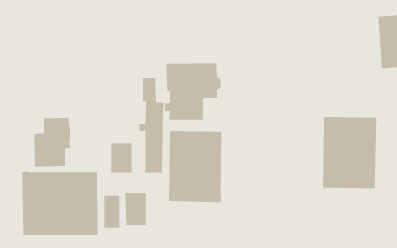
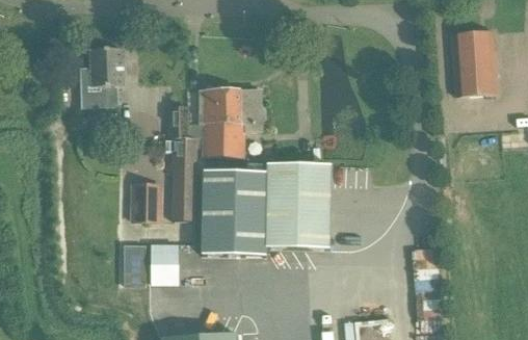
building: [322,117,377,189] -> [266,162,332,249]
building: [33,117,71,167] -> [80,48,125,107]
building: [22,171,98,236] -> none

